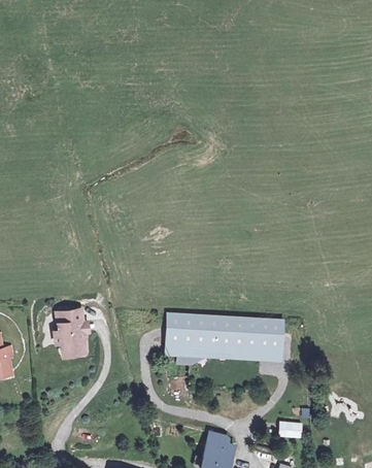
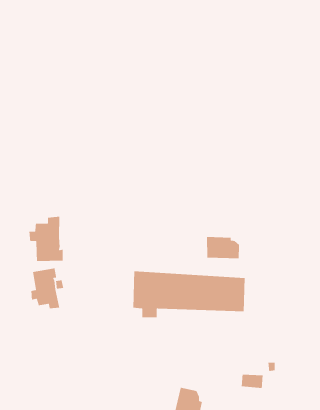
building: none -> [28,216,64,262]
building: none -> [206,236,240,259]

